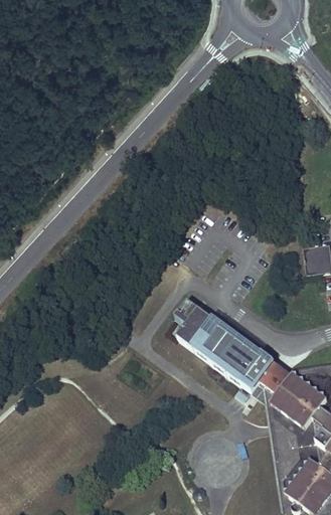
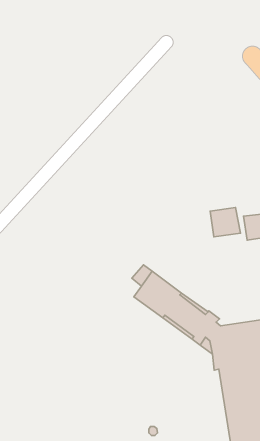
building: none -> [210,207,240,237]

